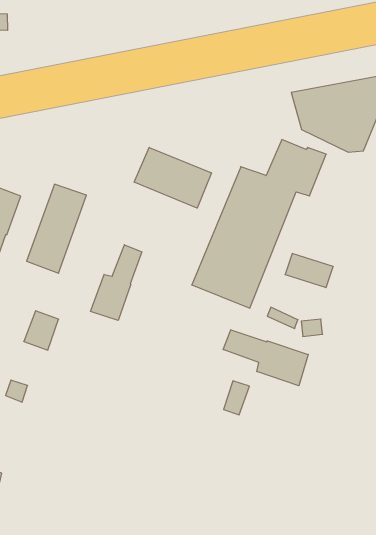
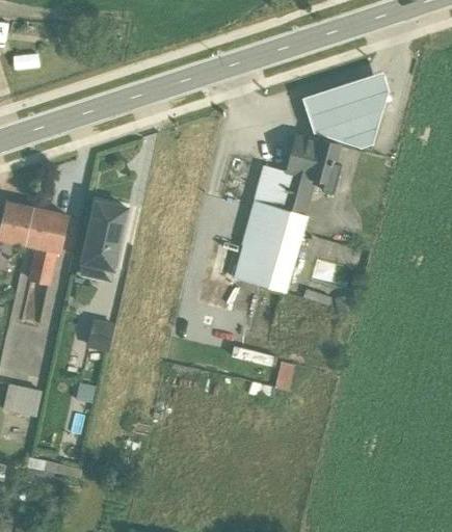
building: [134,147,211,208] -> none
building: [91,245,142,320] -> none
building: [223,330,308,386] -> none

